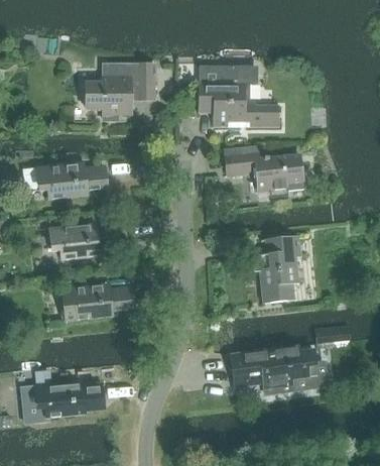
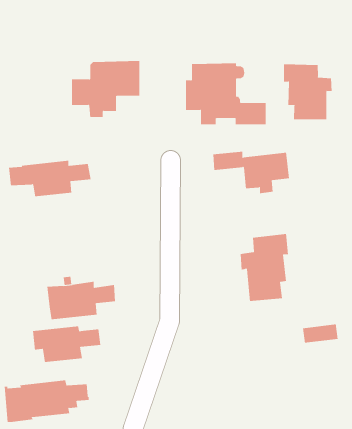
building: none -> [283,64,332,120]
building: [49,223,118,259] -> [32,326,101,362]
building: [231,346,329,393] -> none

